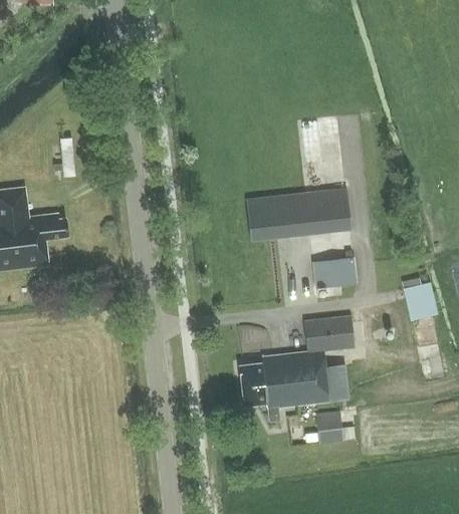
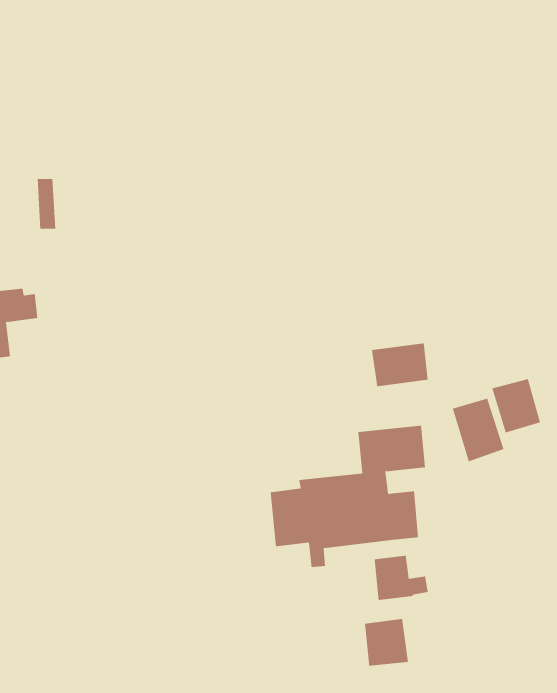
building: [246,188,352,240] -> none
building: none -> [452,398,504,462]
building: none -> [364,618,408,667]

